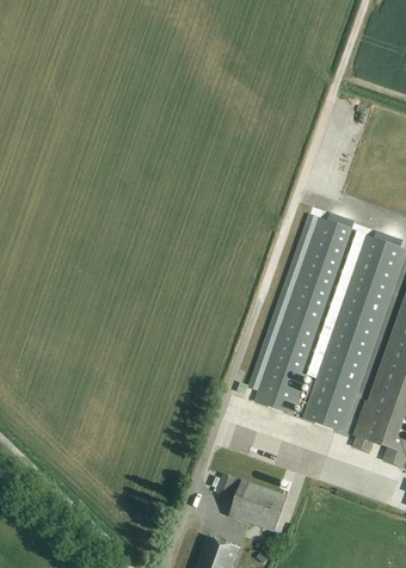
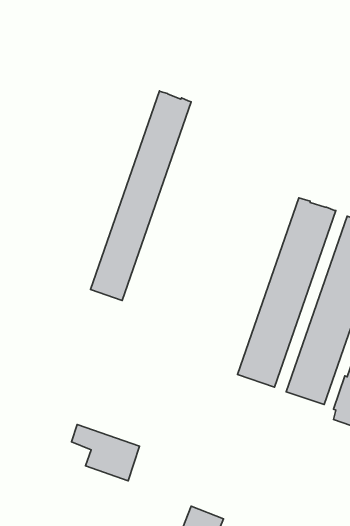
building: none -> [91,91,191,301]
building: [215,473,285,531] -> [72,424,140,481]

